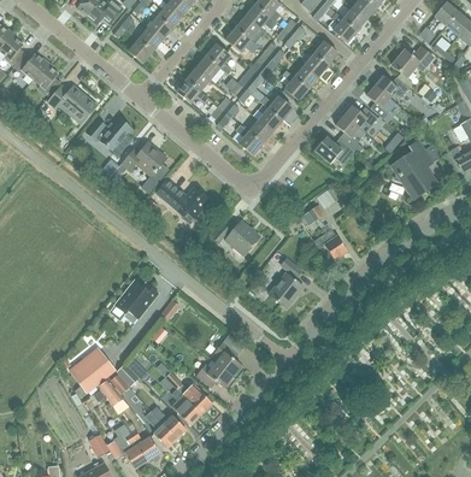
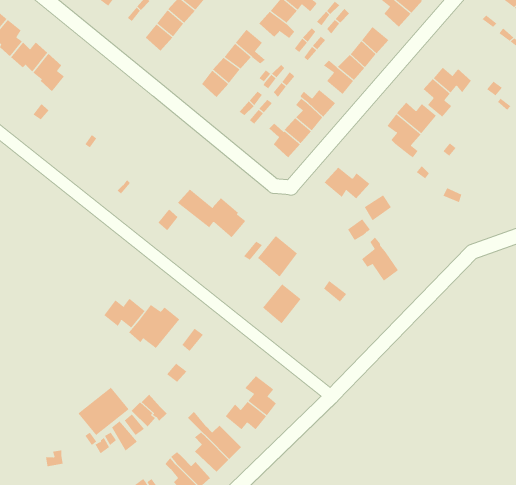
building: [393,47,434,78] -> none
building: [47,86,96,124] -> none
building: [87,117,134,152] -> none
building: [316,137,355,165] -> [324,167,370,199]
building: [398,141,440,195] -> none
building: [122,142,169,193] -> none
building: [270,273,304,308] -> [262,284,301,324]
building: none -> [104,298,146,328]

